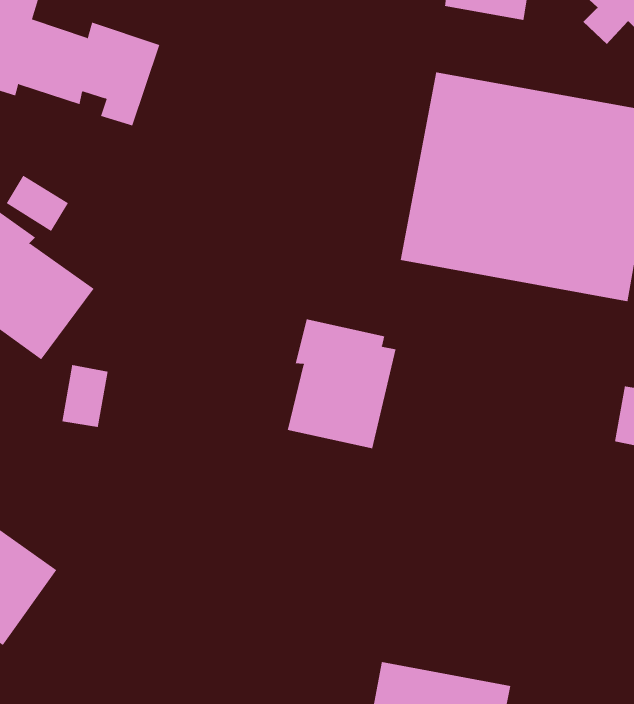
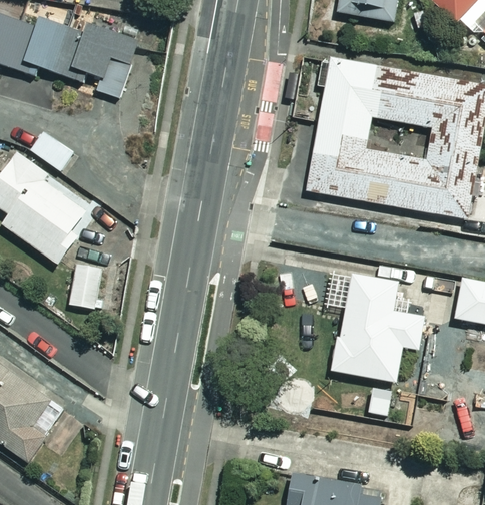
building: [287,318,396,449] -> none
building: none -> [332,275,425,384]

